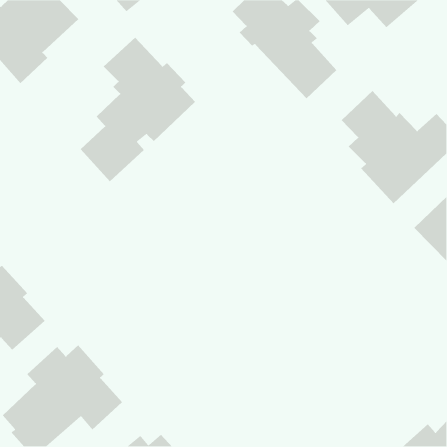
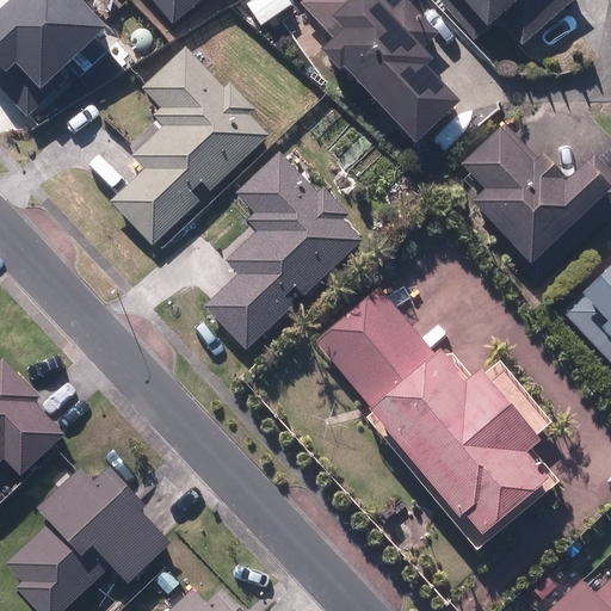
building: none -> [204,155,360,350]
building: none -> [316,285,545,531]

